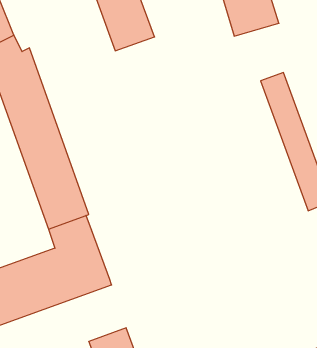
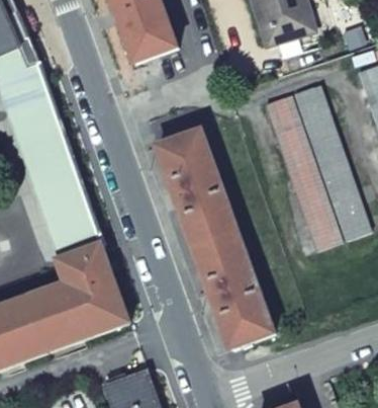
building: none -> [265,96,343,249]
building: none -> [155,129,272,348]

